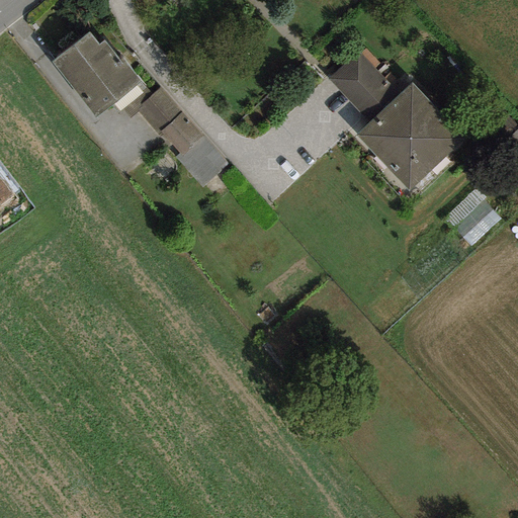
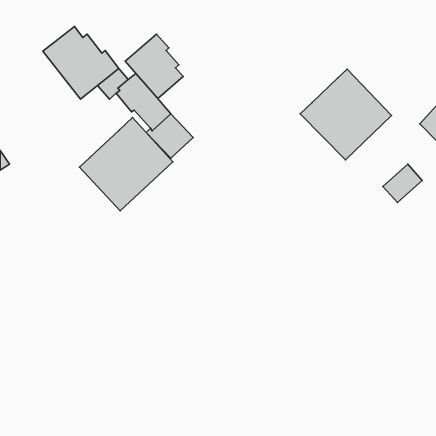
building: none -> [125,34,183,99]
building: [328,49,401,121] -> none
building: none -> [79,117,173,211]

